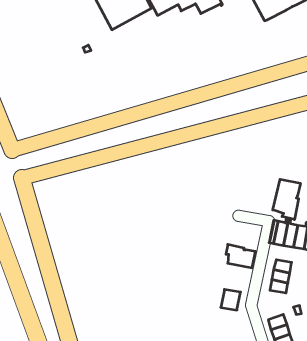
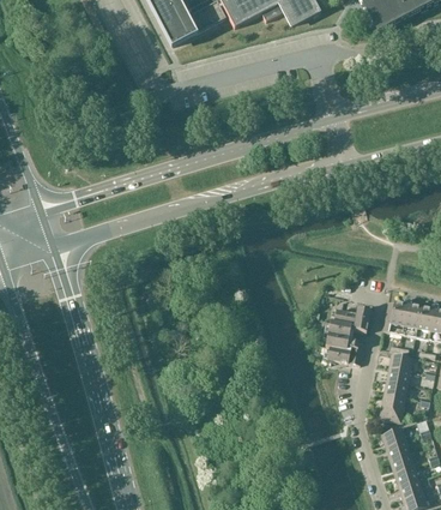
building: [273,179,300,220] -> none
building: none -> [327,307,370,336]
building: [221,289,241,310] -> [379,392,405,420]

